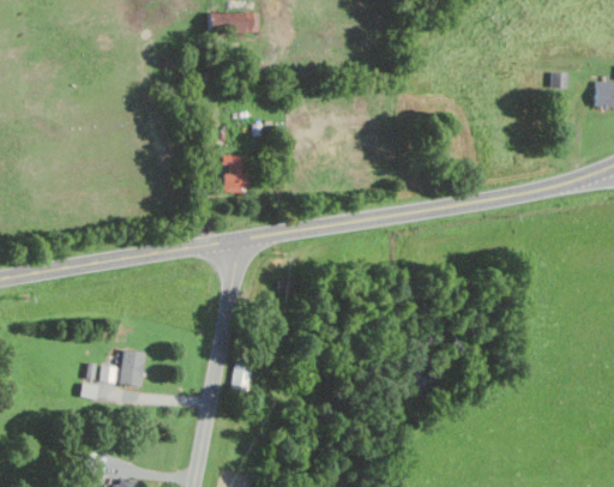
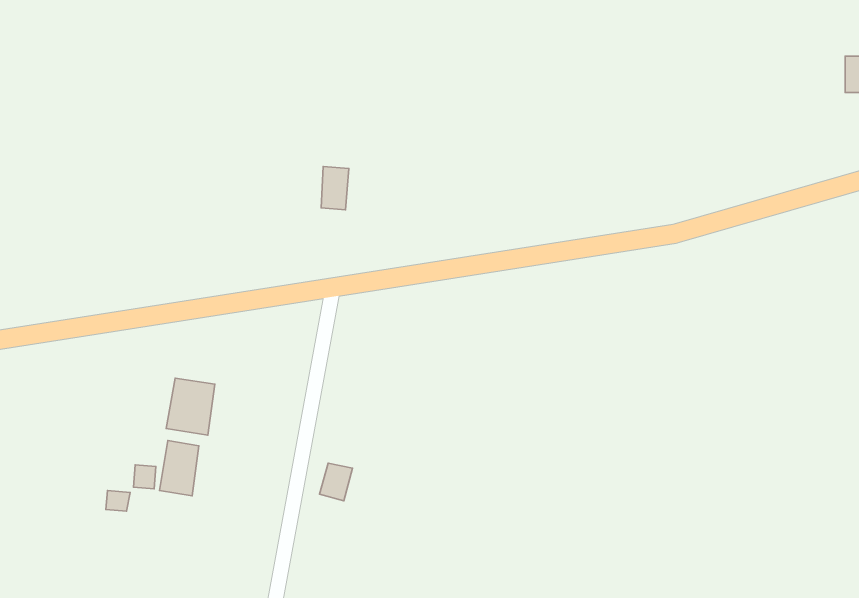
building: none -> [166,378,215,435]

